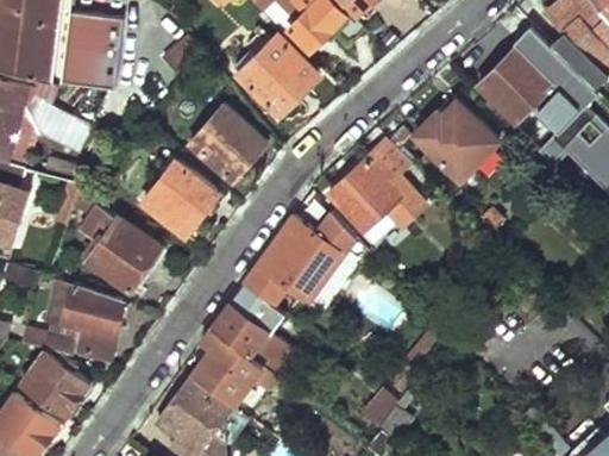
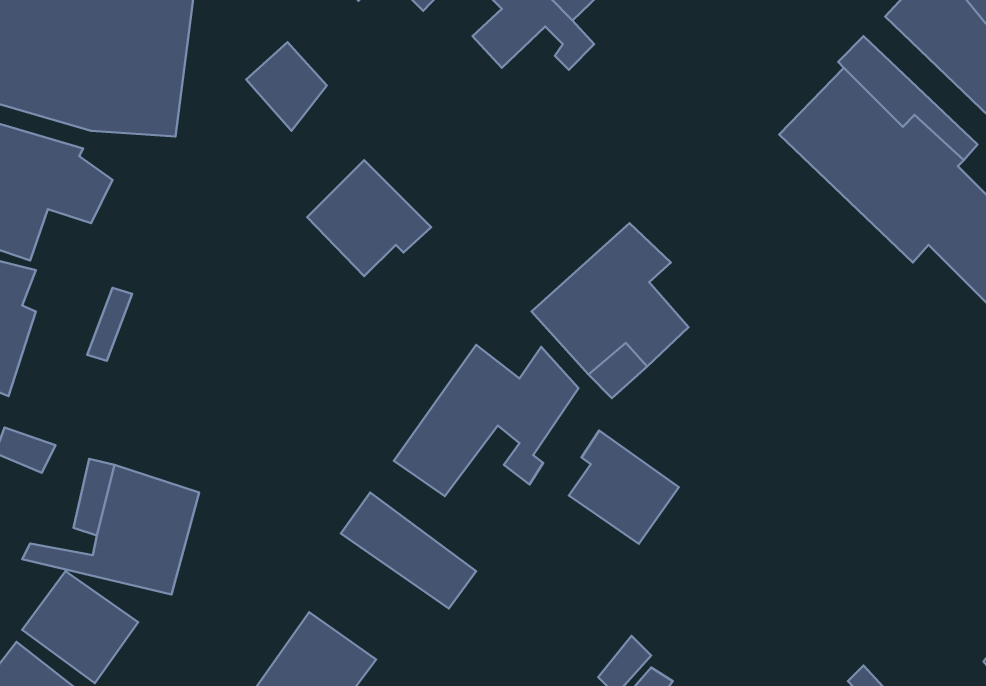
building: [239,37,316,114] -> none
building: [412,102,494,182] -> none
building: [143,164,220,241] -> none
building: [79,204,159,289] -> none
building: none -> [569,430,679,544]
building: [190,329,276,405] -> none

